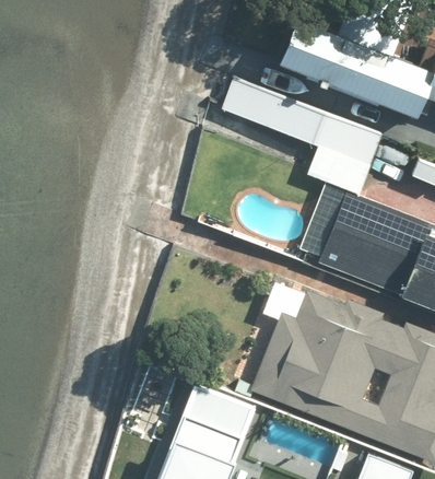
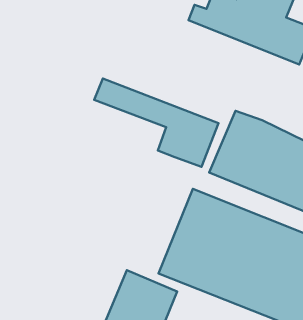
building: [231,78,389,190] -> [94,79,219,167]

